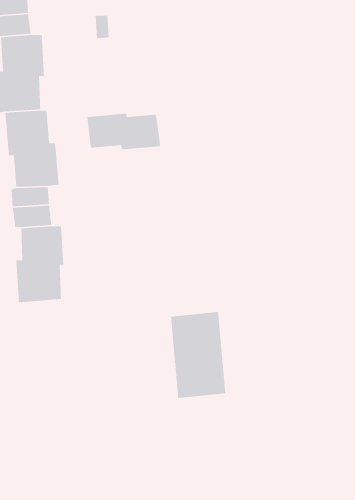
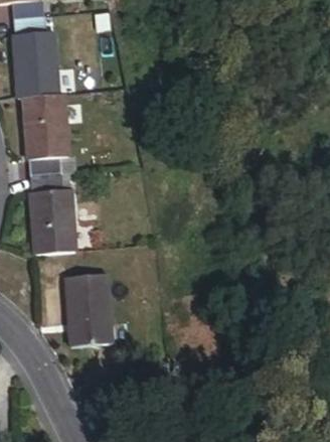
building: [86,113,161,150] -> none
building: [170,311,226,399] -> [66,272,113,344]

